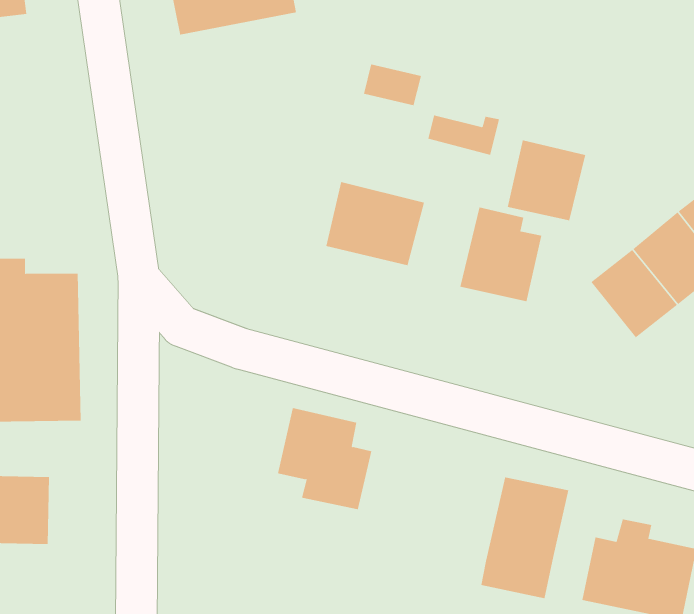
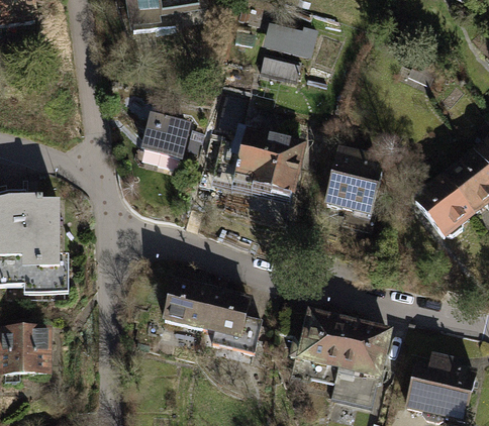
building: [428,115,500,155] -> [264,26,312,54]
building: [507,139,586,221] -> none
building: none -> [138,116,185,169]
building: none -> [157,274,210,327]
building: none -> [299,319,353,386]

